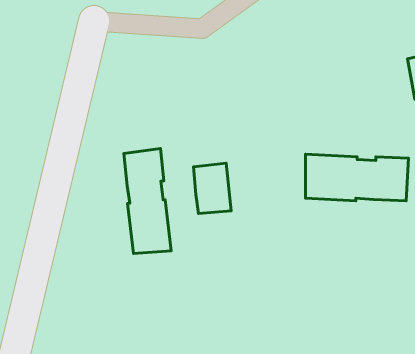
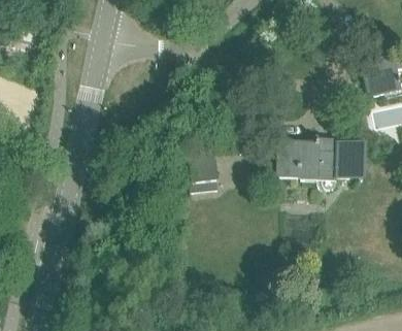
building: [124,149,171,253] -> none

